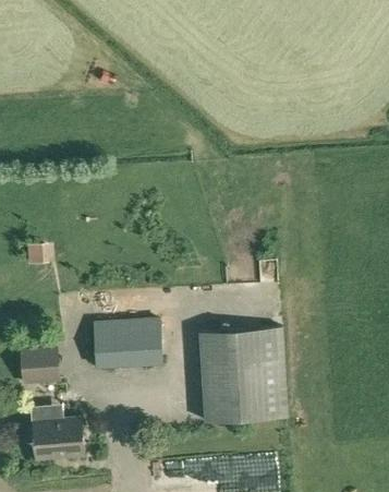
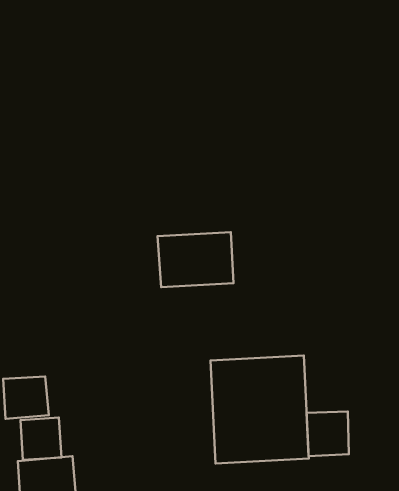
building: [93,319,159,367] -> [158,232,233,287]
building: none -> [306,412,349,456]

